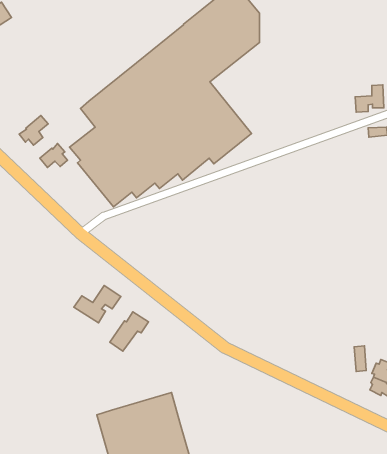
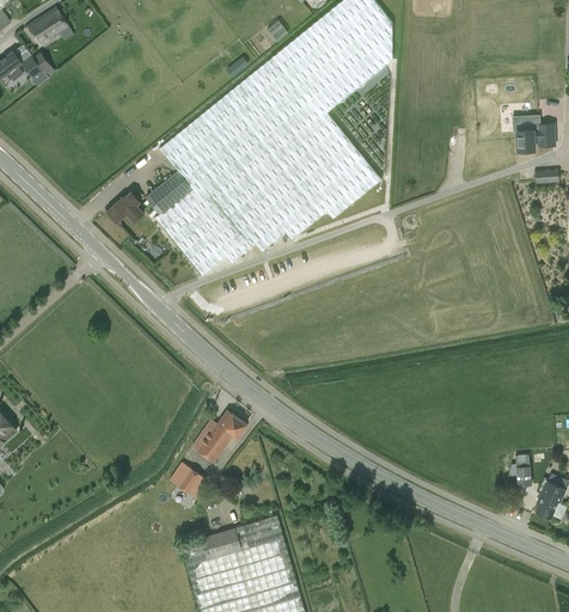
building: [19,116,48,145] -> none
building: [74,286,121,323] -> none
building: none -> [170,464,210,501]

